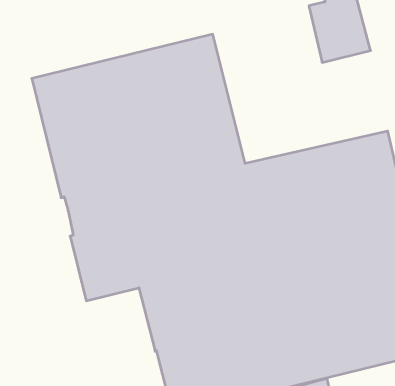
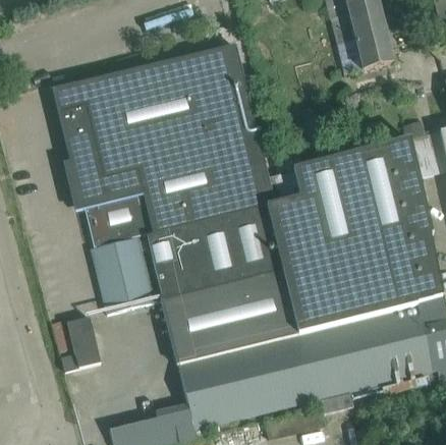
building: none -> [61,317,100,371]

